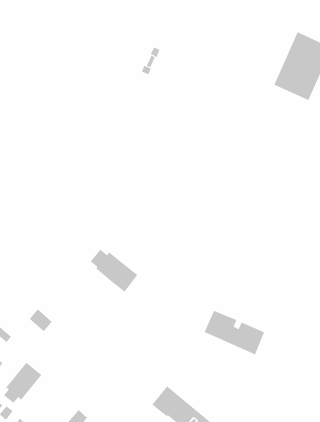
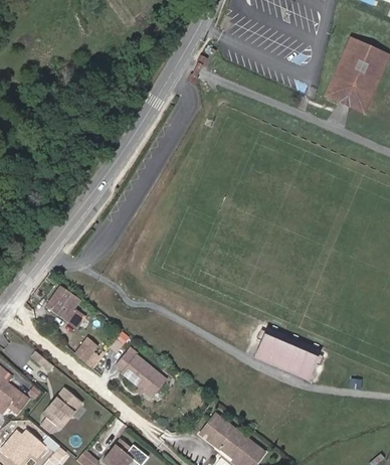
building: [90,249,138,292] -> [116,352,167,399]
building: none -> [47,286,85,326]

